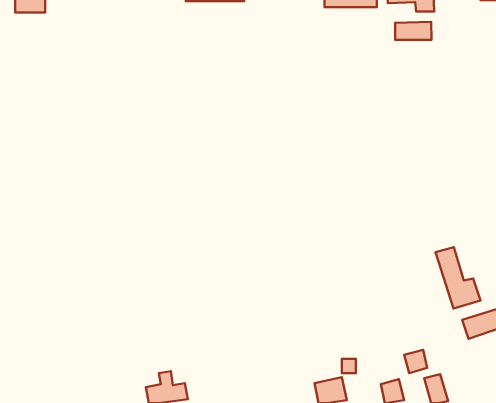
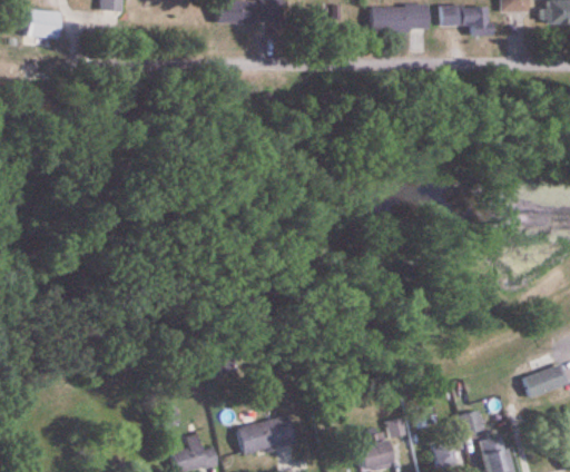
building: [395,22,432,40] -> none
building: [436,247,481,308] -> none
building: none -> [237,417,295,453]

